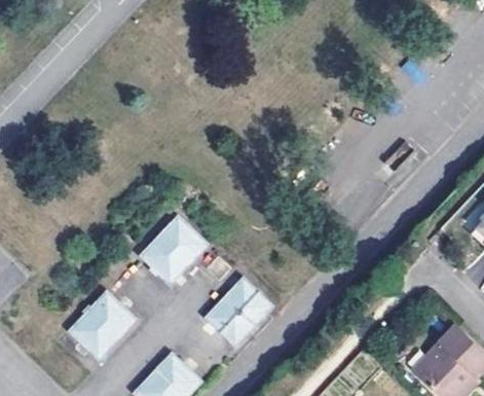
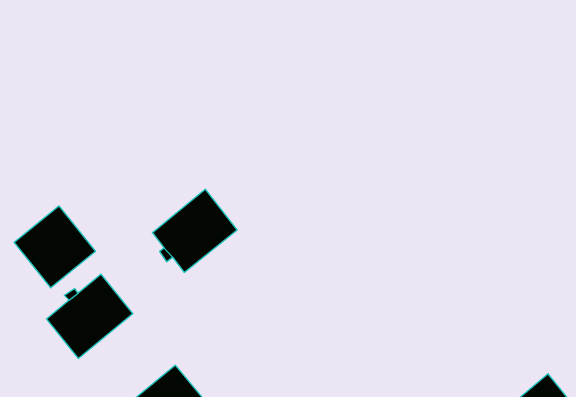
building: none -> [14,206,95,288]
building: [207,279,269,344] -> none

